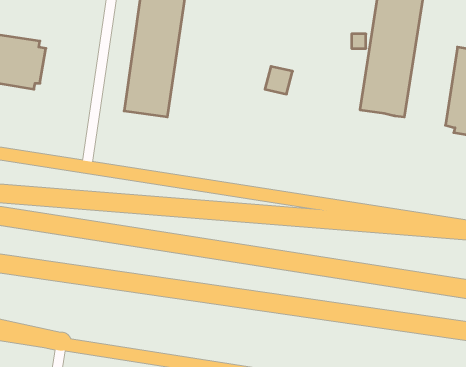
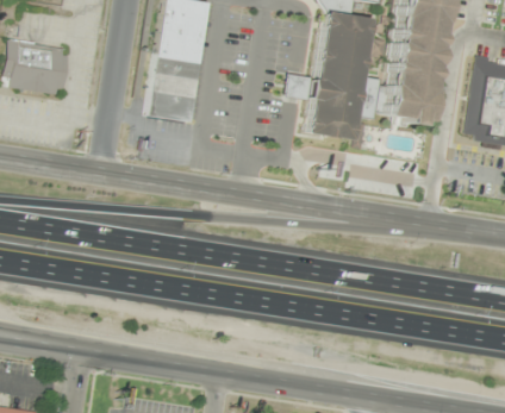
building: none -> [311,12,373,140]

